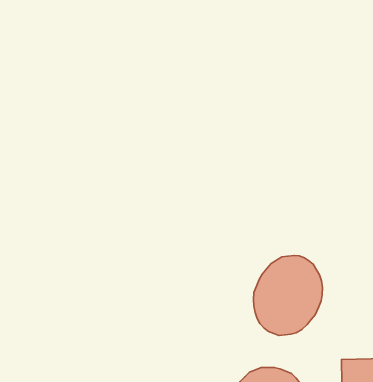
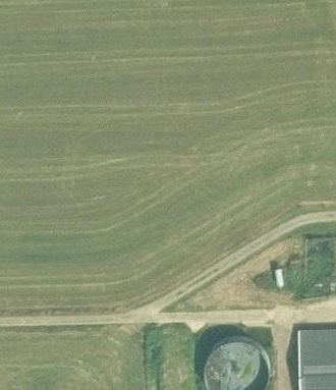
building: [254,256,323,335] -> none

